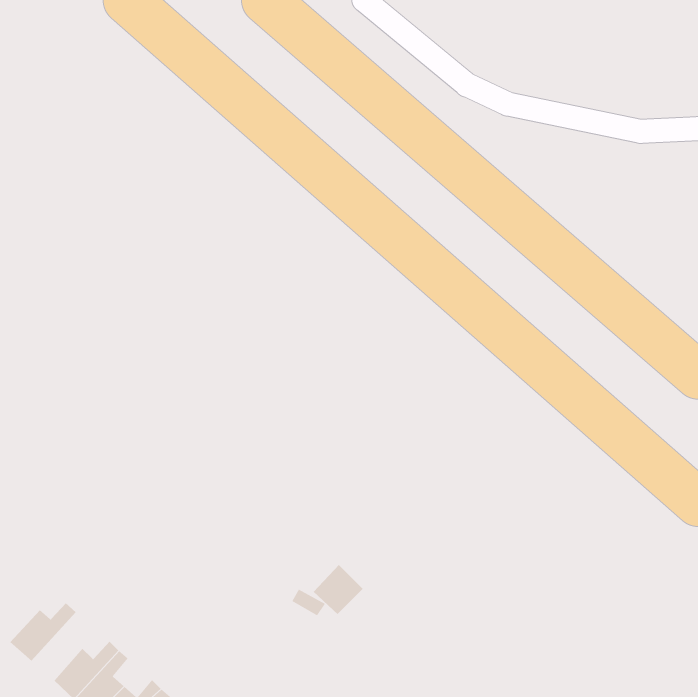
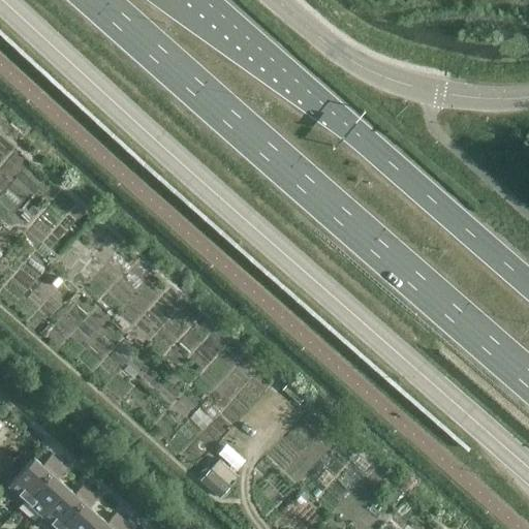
building: [313,564,363,615] -> [200,459,239,497]
building: none -> [24,464,65,516]

